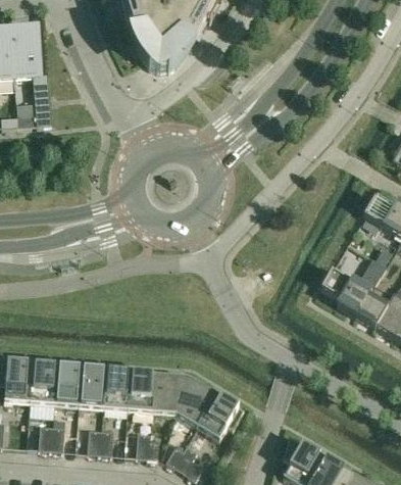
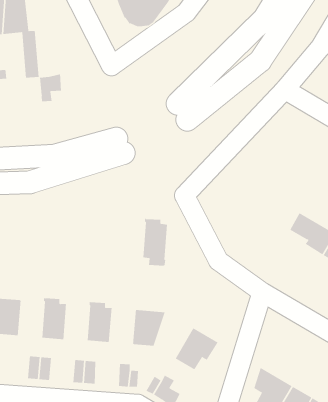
building: none -> [39,74,62,102]
building: [30,358,57,403] -> none
building: [79,361,106,406] -> none
building: [128,366,155,418] -> [142,218,168,266]
building: [176,376,217,426] -> none

